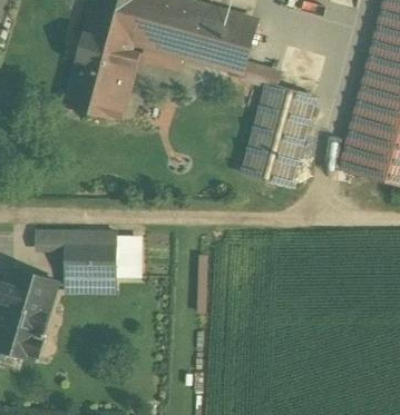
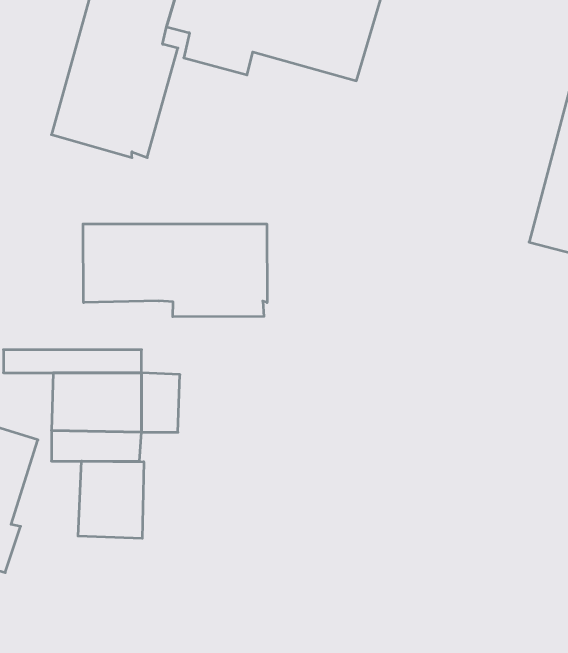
building: [241,81,314,185] -> none
building: none -> [83,224,267,317]
building: none -> [78,461,144,538]

